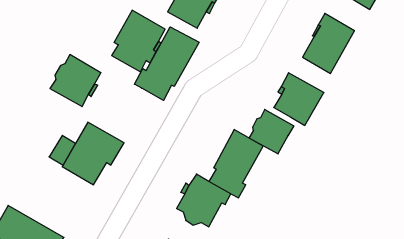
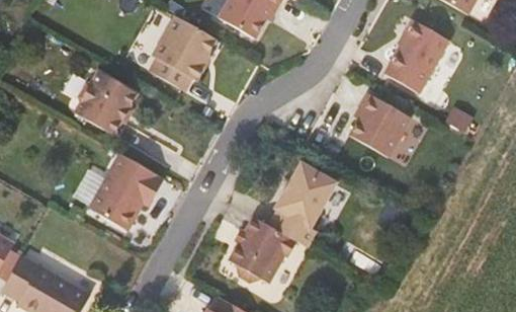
building: [134,27,199,100] -> none
building: [249,109,294,154] -> none

